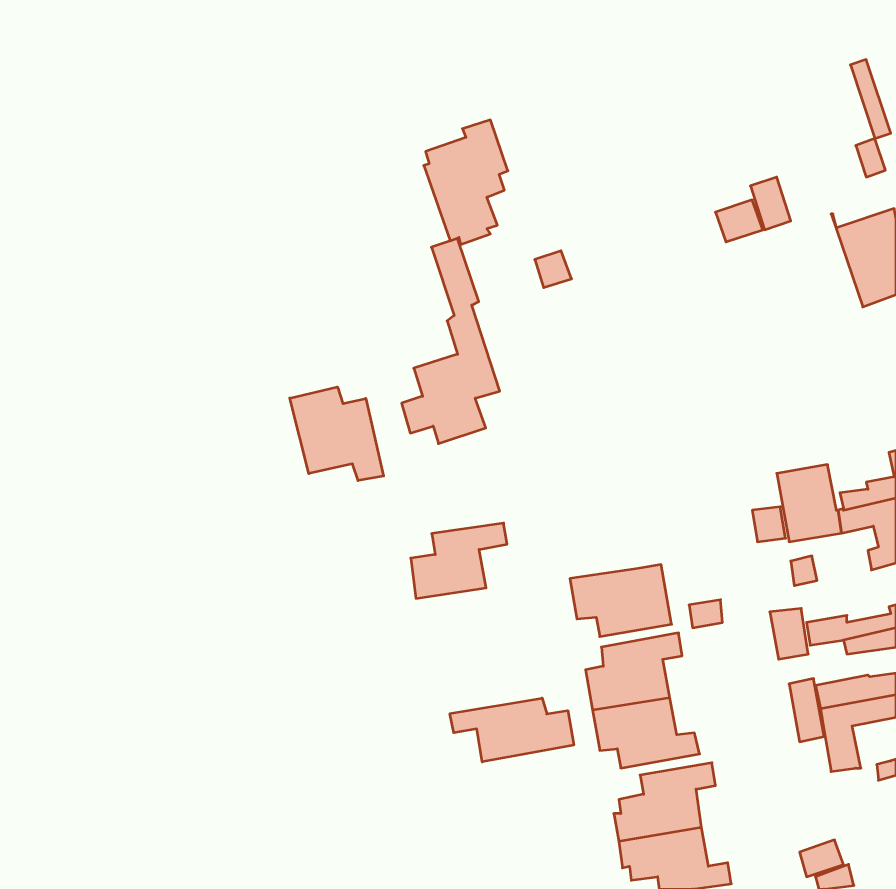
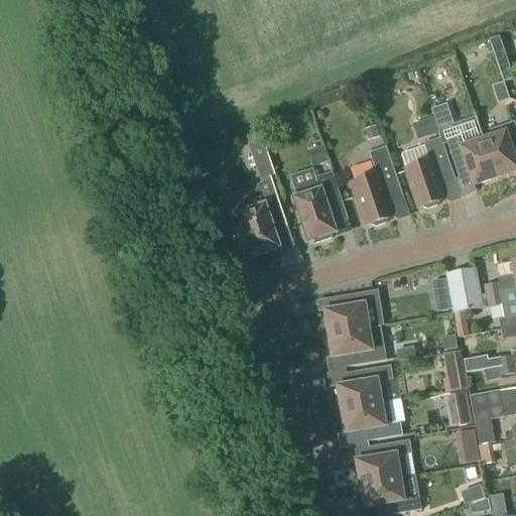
building: [424,120,508,244] -> [293,170,342,242]
building: none -> [445,123,496,183]
building: none -> [404,136,455,207]
building: none -> [351,145,402,225]
building: [290,387,384,481] -> none
building: [411,523,507,598] -> [325,289,380,333]
building: [450,698,574,762] -> none
building: none -> [455,428,480,464]

